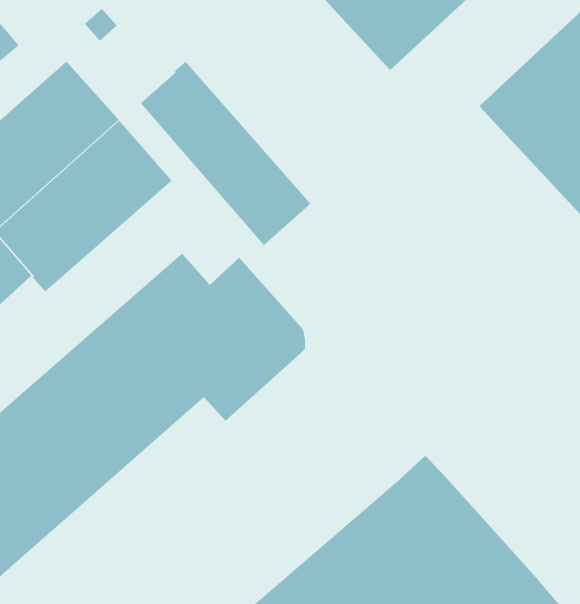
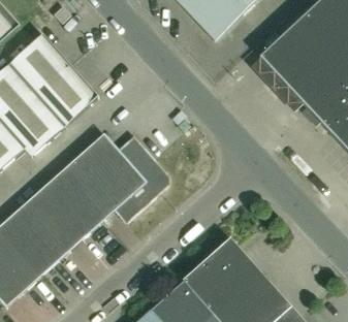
building: [140,61,311,246] -> none

